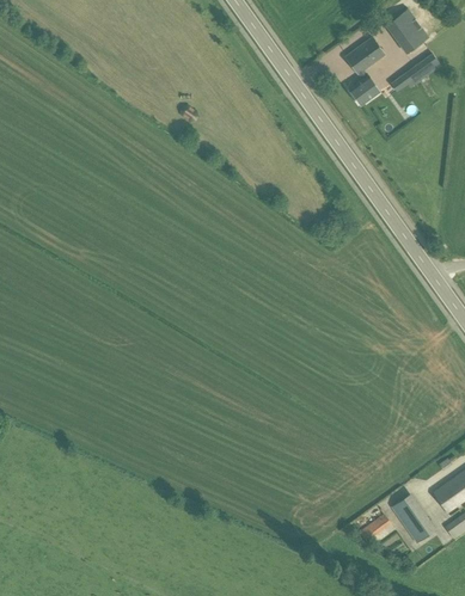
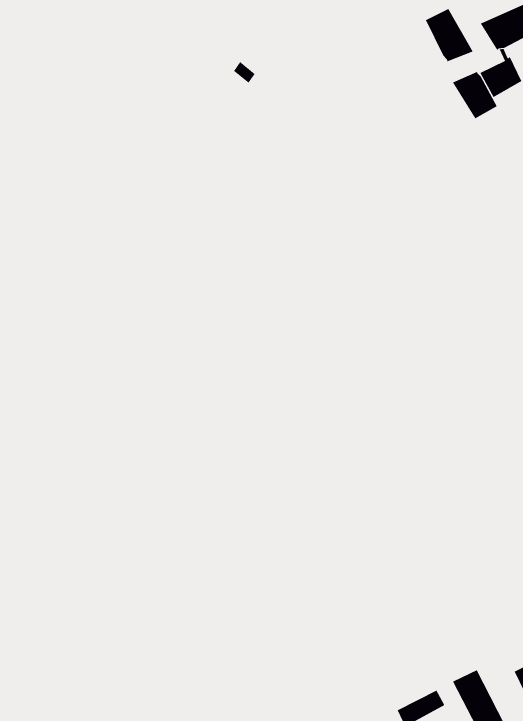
building: none -> [425,8,473,62]
building: none -> [452,71,498,119]

